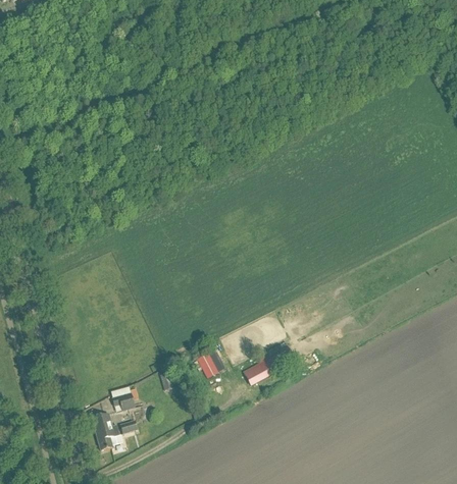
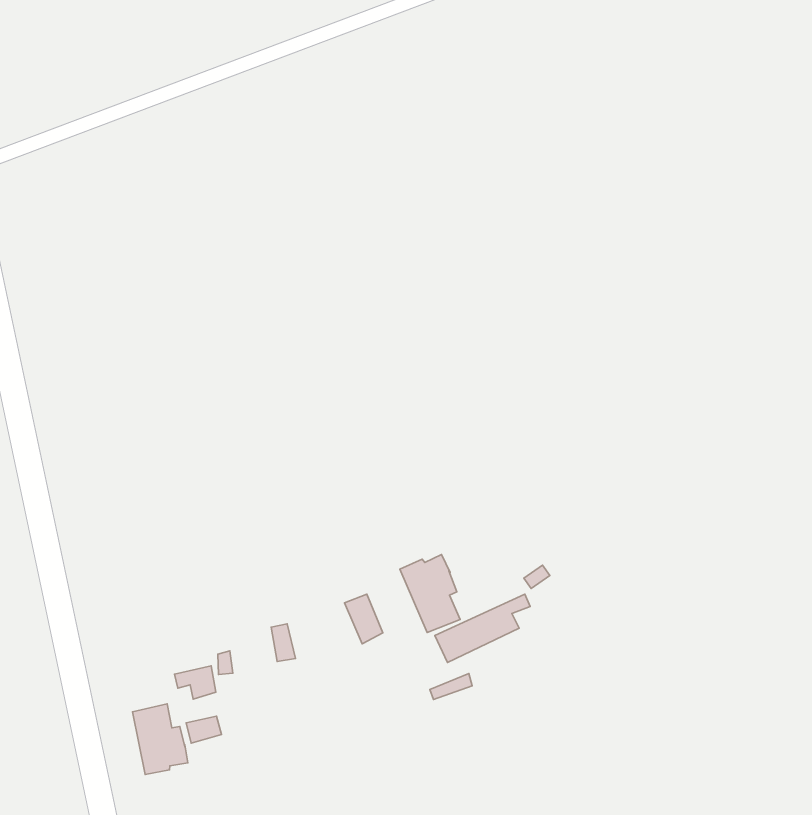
building: none -> [400,555,460,633]

